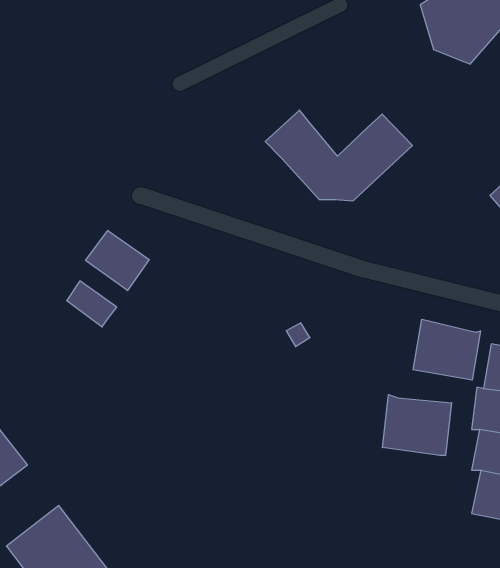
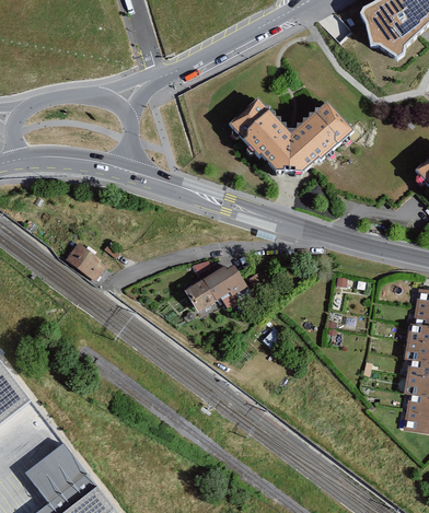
building: [86,230,149,291] -> none
building: none -> [182,270,245,320]
building: [413,319,481,380] -> none
building: [382,395,452,456] -> none

